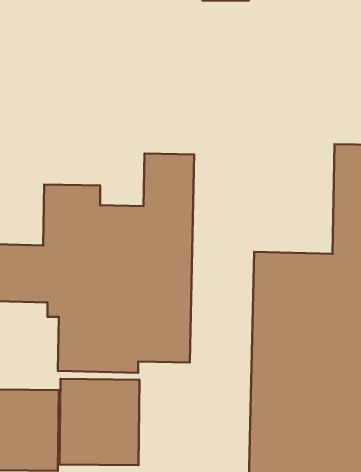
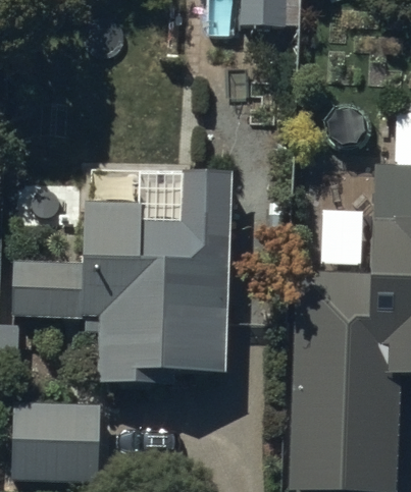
building: [59,379,139,465] -> none

